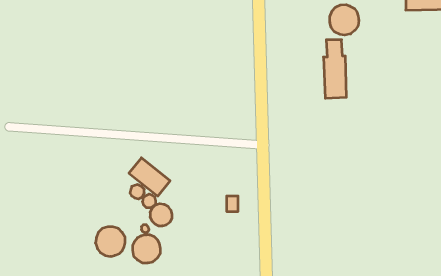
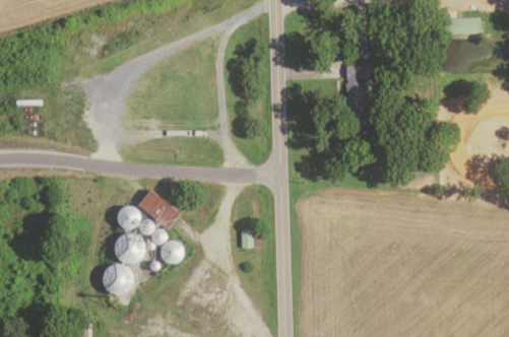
building: [330,5,359,35] -> none
building: none -> [118,205,141,228]
building: [133,235,160,263] -> [116,232,145,262]

